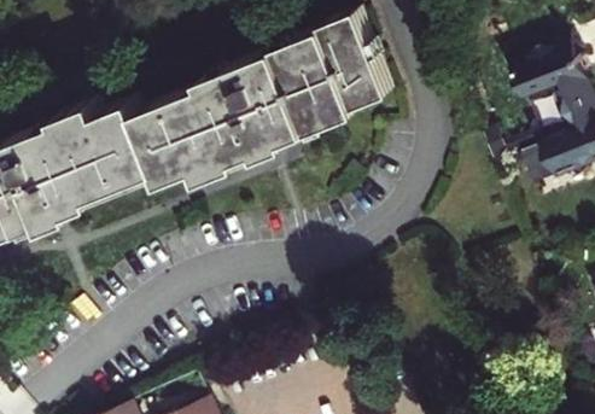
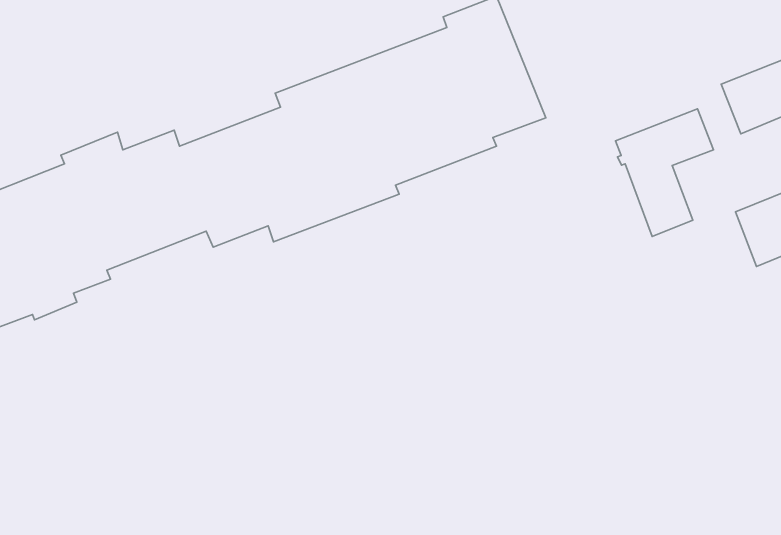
building: none -> [615,109,714,237]

